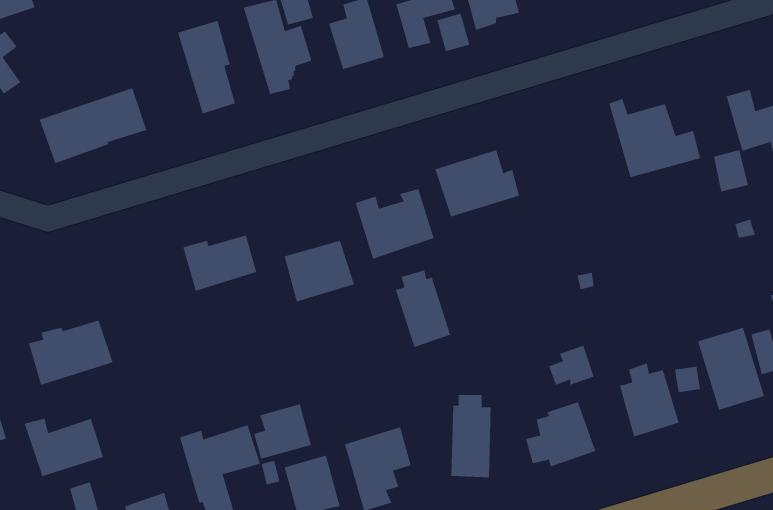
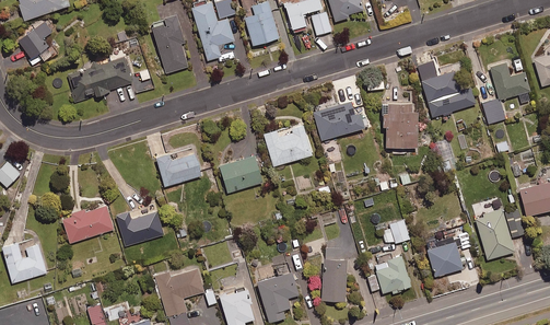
building: none -> [379,98,416,143]
building: [395,270,451,348] -> none
building: [254,404,311,459] -> none
building: [24,418,104,477] -> [114,208,163,244]

